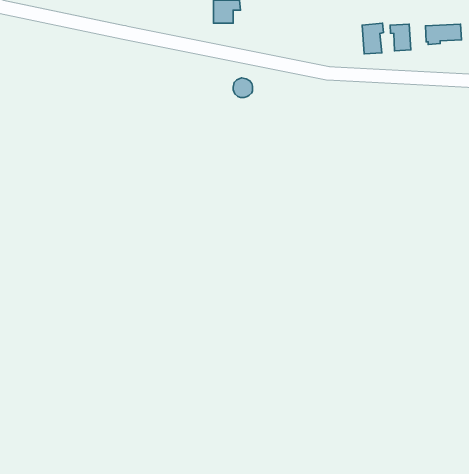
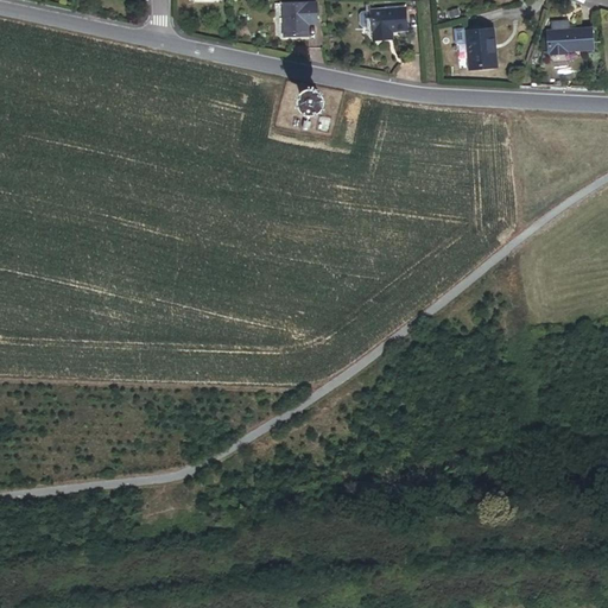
building: none -> [360,7,404,36]
building: [390,24,411,51] -> none

